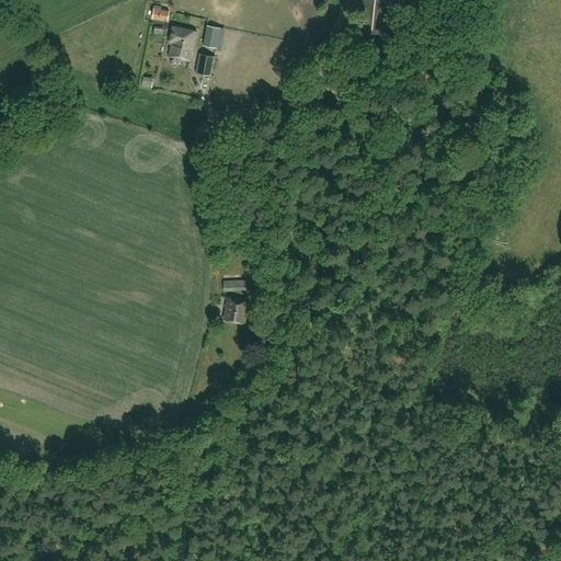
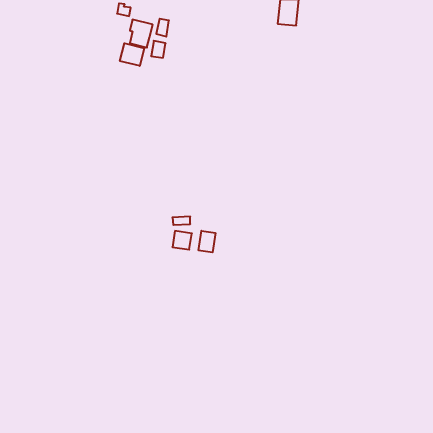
building: none -> [120,43,144,66]
building: none -> [199,231,215,252]

